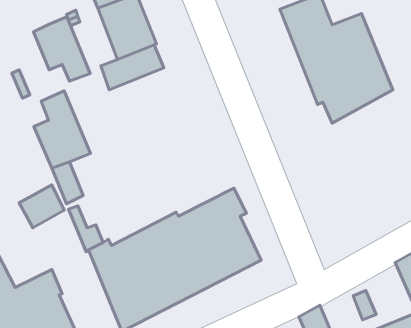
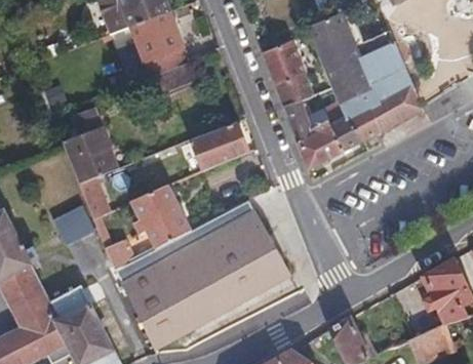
building: [34,17,90,81] -> none
building: none -> [261,41,359,169]
building: none -> [190,124,247,173]
building: none -> [136,187,192,246]

